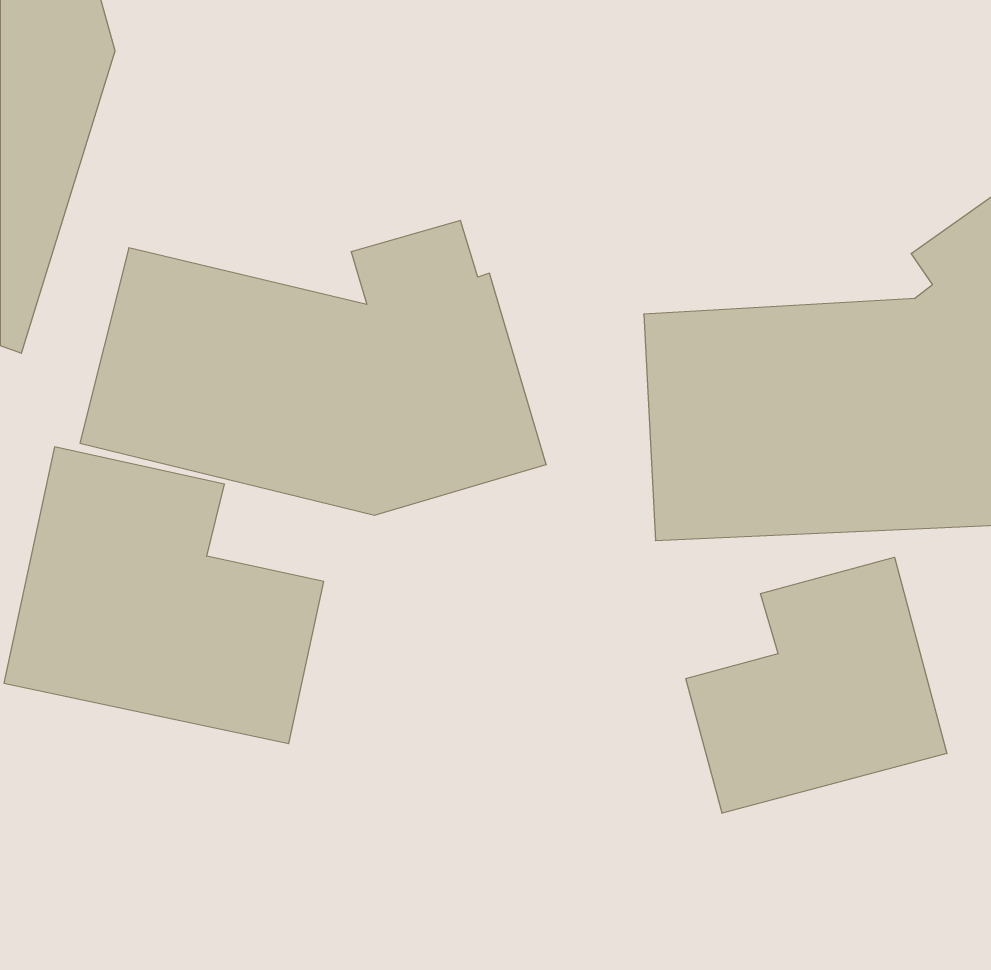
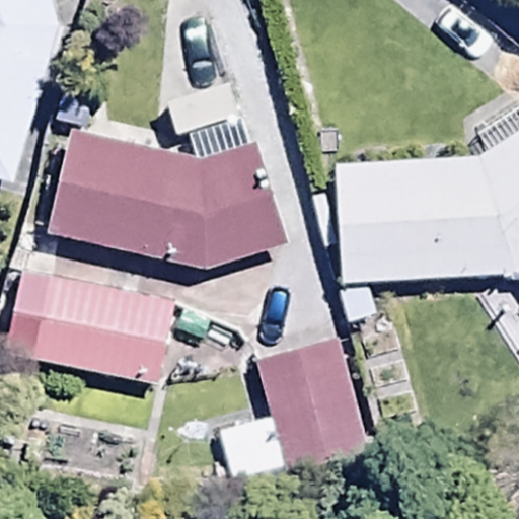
building: [686,557,947,813] -> none
building: none -> [219,333,370,486]

